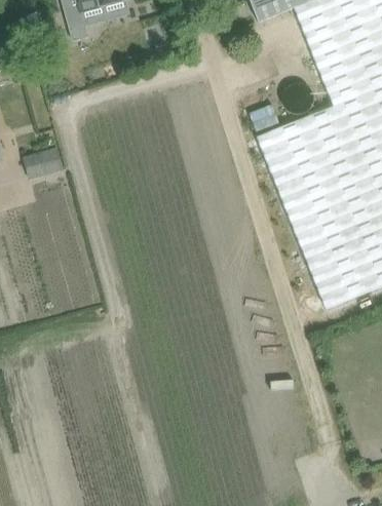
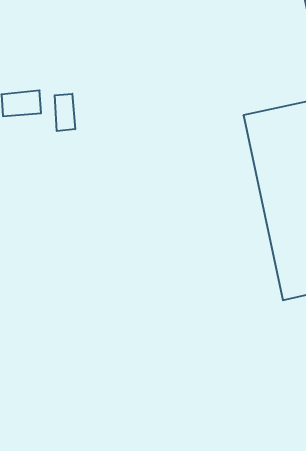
building: none -> [55,94,75,131]

